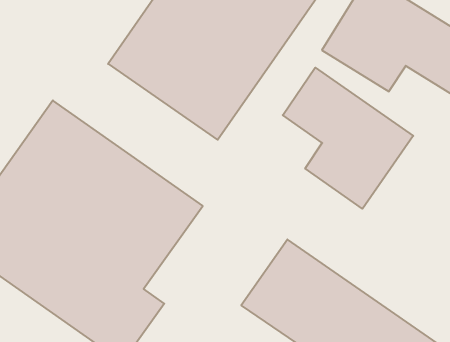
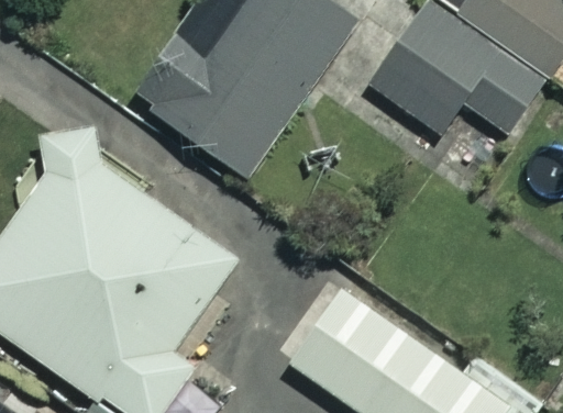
building: [283,68,413,209] -> none

